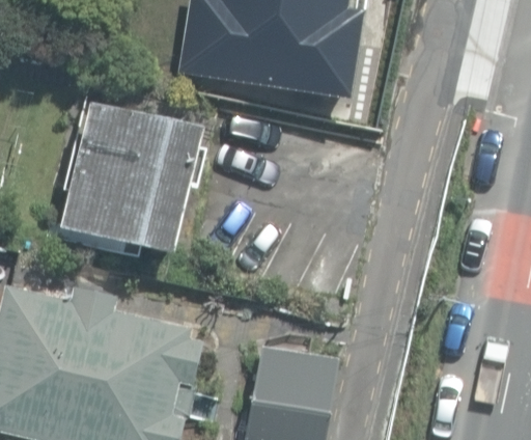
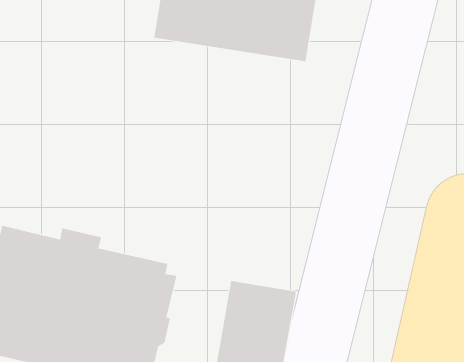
building: [58,104,202,254] -> none

